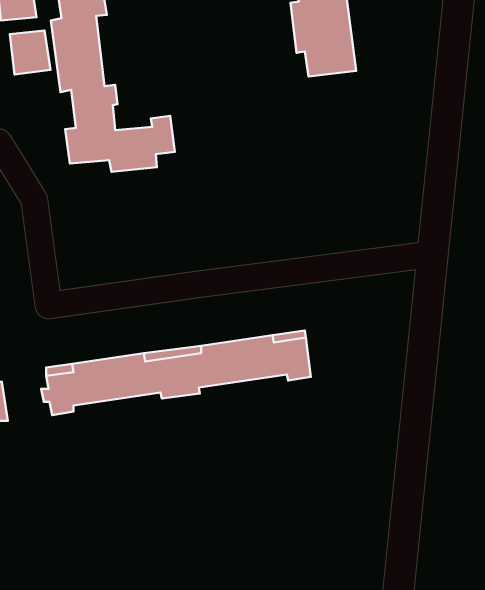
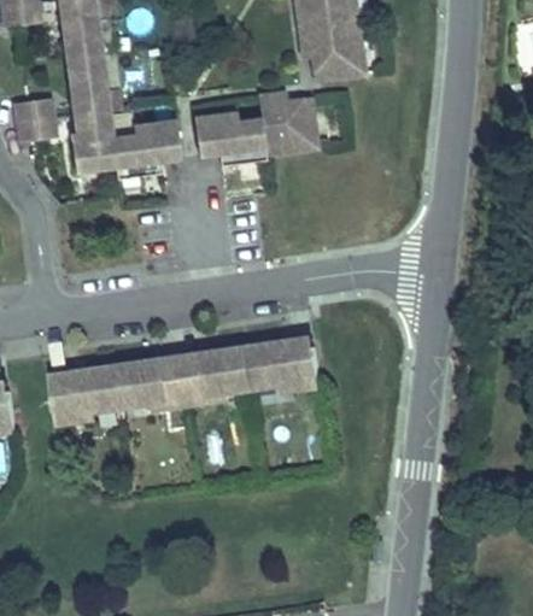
building: [10,30,50,75] -> [13,96,54,141]
building: none -> [199,84,321,157]

